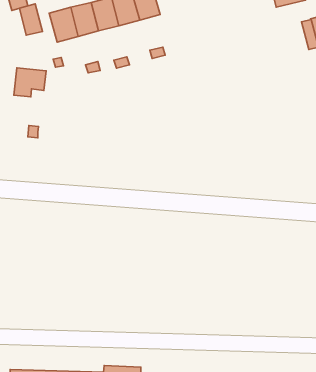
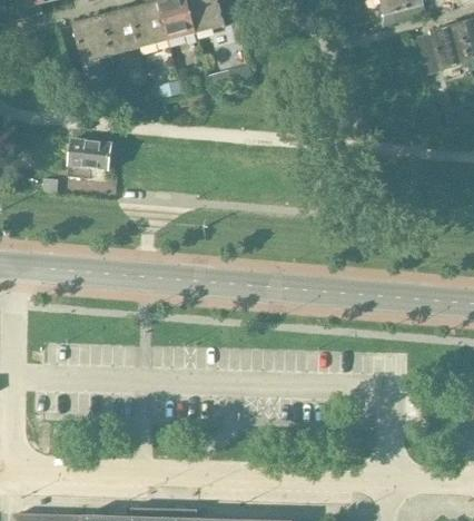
building: [19,4,42,35] -> none
building: [14,68,46,97] -> [67,139,111,179]

